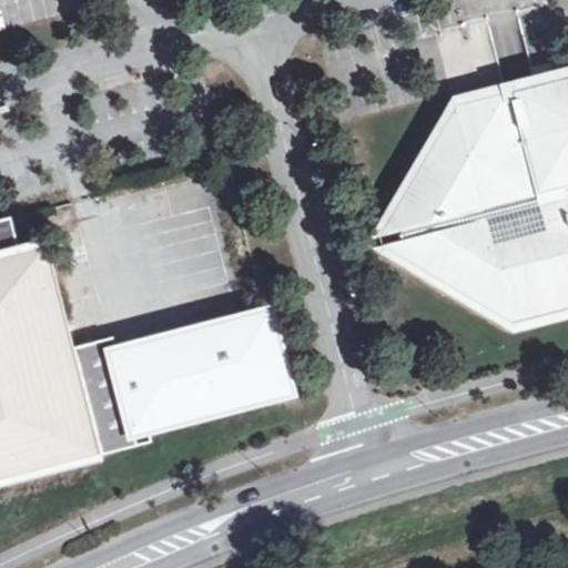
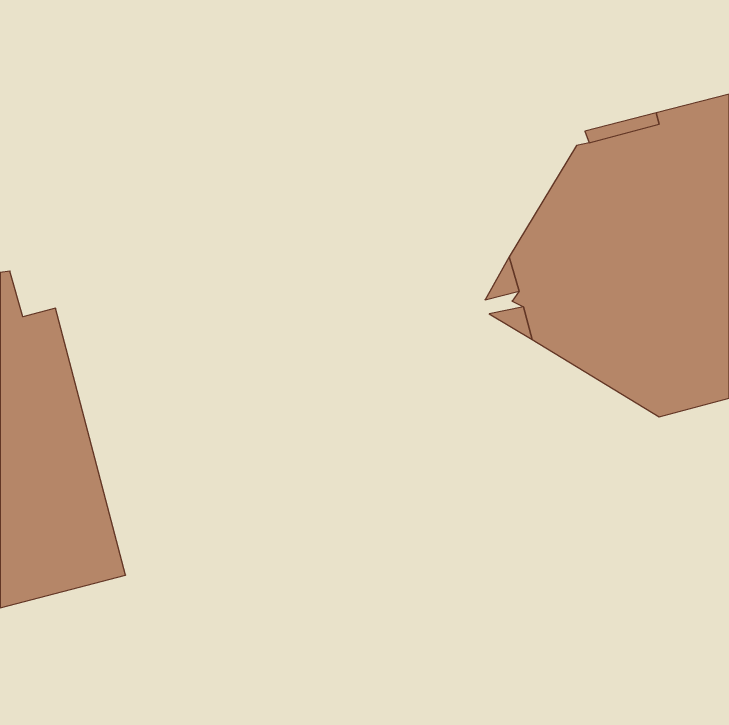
building: [74,308,288,448] -> none

